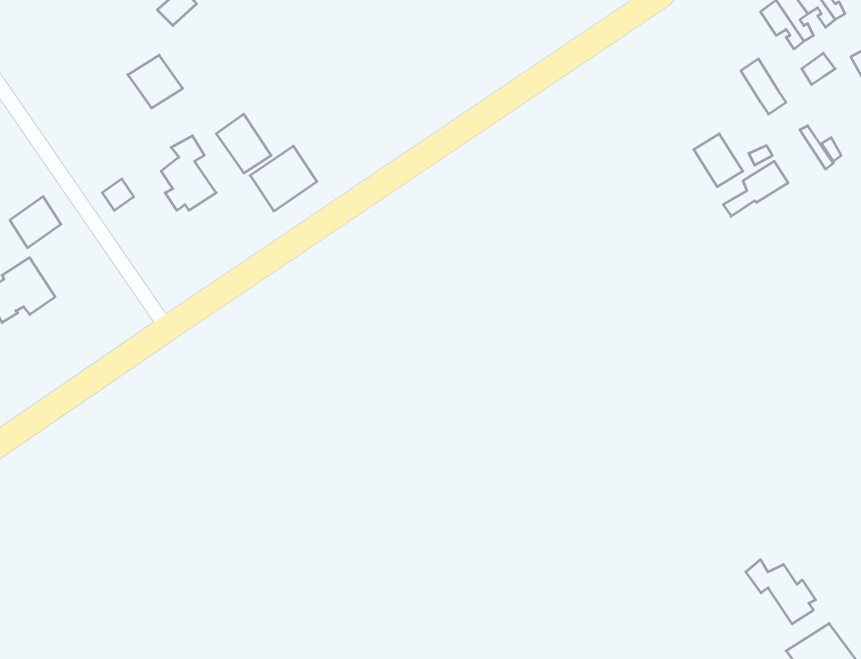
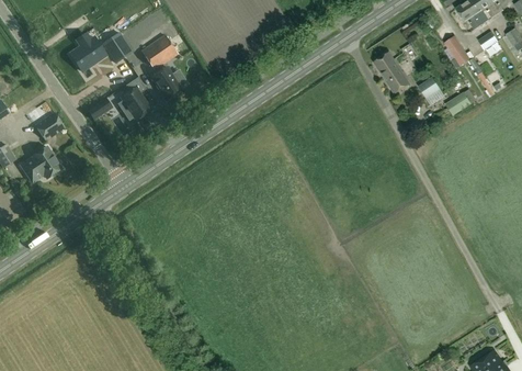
building: none -> [70,40,106,79]
building: none -> [374,53,409,91]
building: [250,146,317,211] -> [141,34,179,70]
building: [746,560,816,624] -> none

